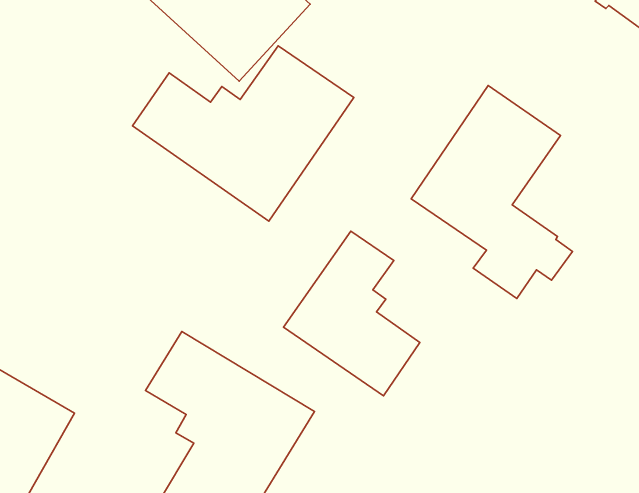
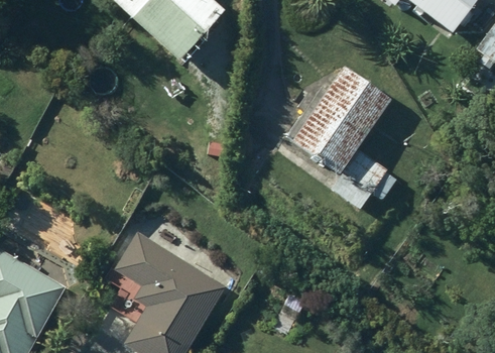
building: [133,46,354,221] -> none
building: [284,231,420,396] -> none

